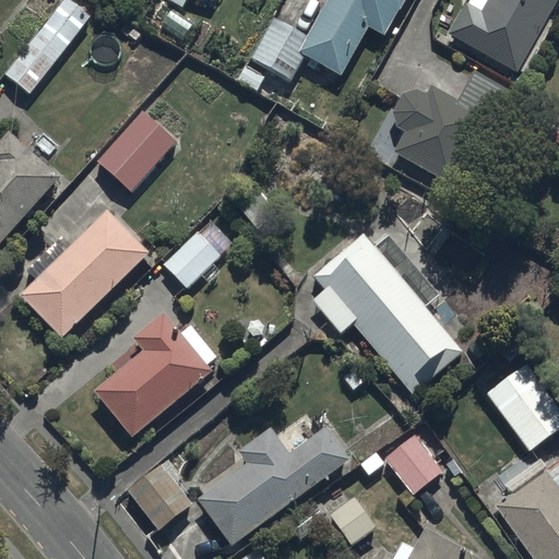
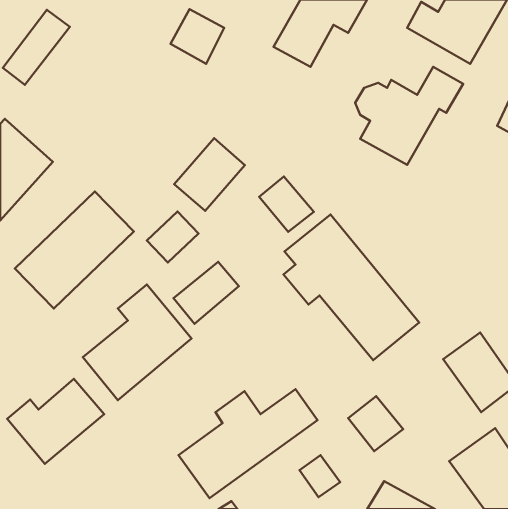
building: [249,17,308,78] -> [170,9,224,64]
building: [96,111,174,191] -> [174,138,245,211]
building: none -> [259,177,314,232]
building: none -> [174,262,239,324]
building: none -> [7,379,104,464]
building: [128,465,192,532] -> none

